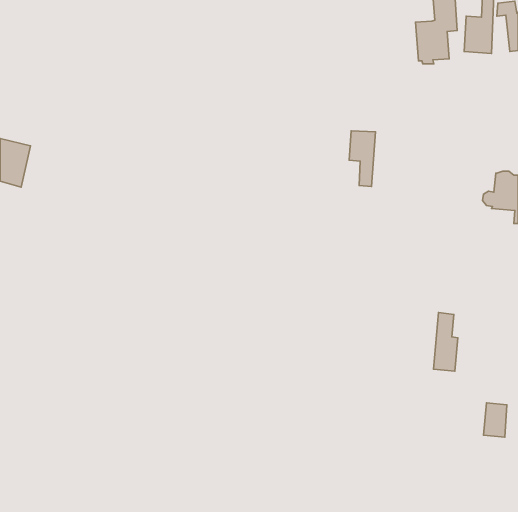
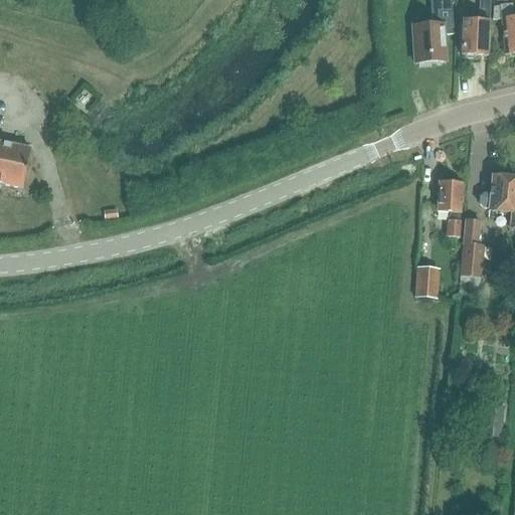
building: [349,131,376,187] -> [436,179,462,234]
building: none -> [415,267,437,296]
building: [433,312,458,371] -> [460,216,484,275]

